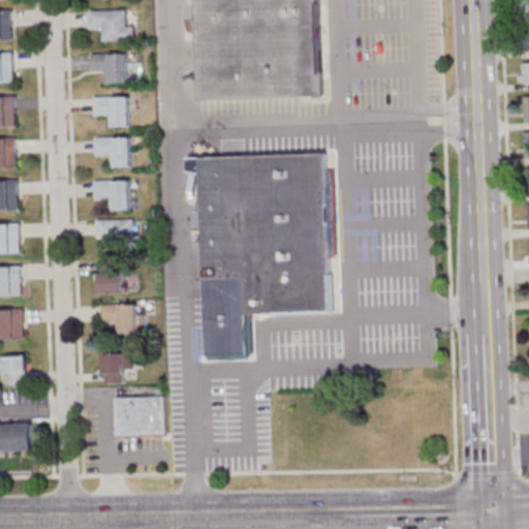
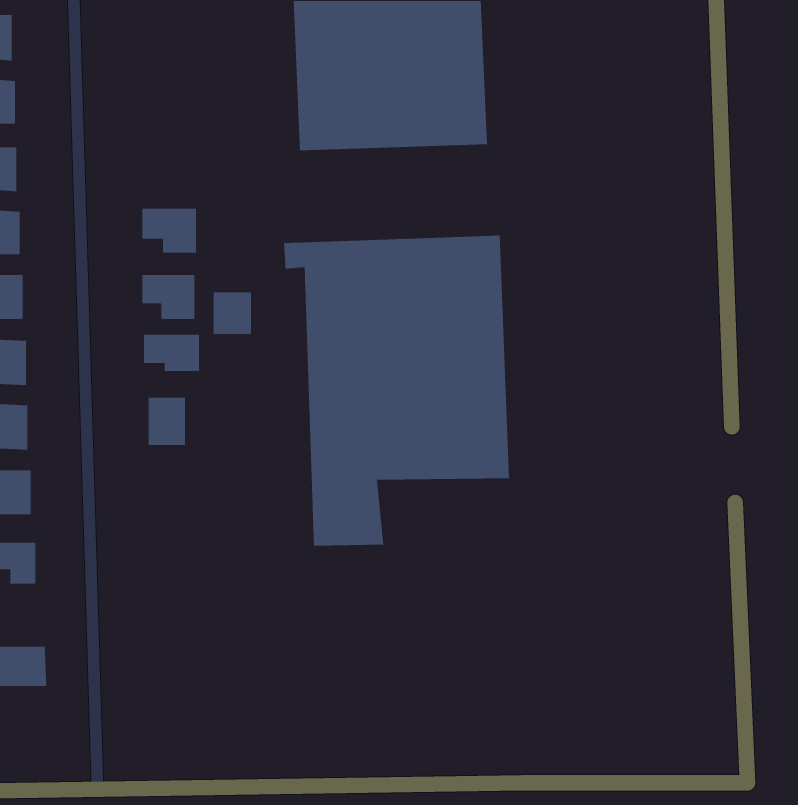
building: [87,9,131,41] -> none
building: [89,53,125,83] -> none
building: [92,96,127,125] -> none
building: none -> [213,291,252,335]
building: [98,304,144,333] -> none
building: [99,353,129,382] -> none
building: [115,396,165,436] -> none

